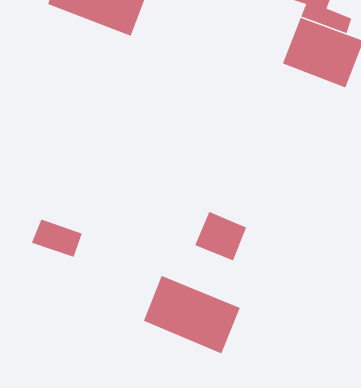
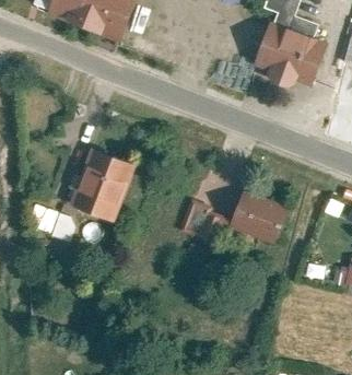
building: none -> [69,148,131,220]
building: none -> [226,195,282,243]
building: [143,275,241,354] -> none

